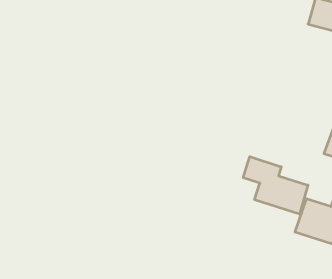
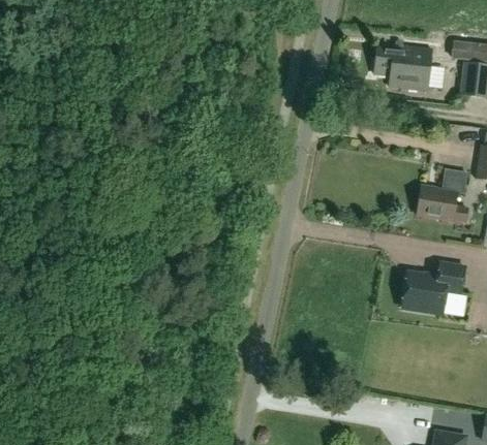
building: [243,157,308,214] -> none

